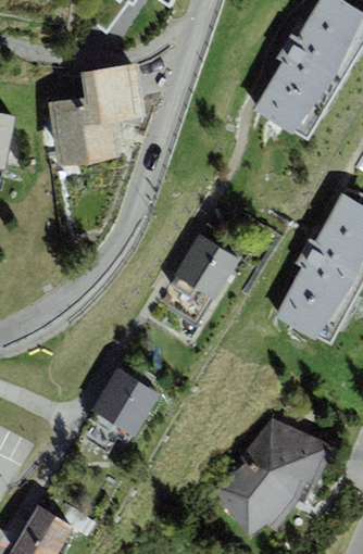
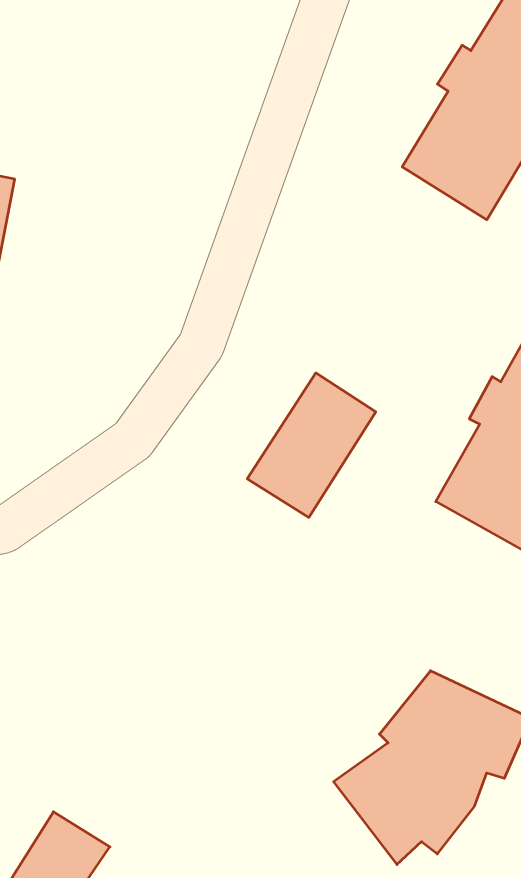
building: [48,62,147,166] -> none
building: [79,368,159,452] -> none

